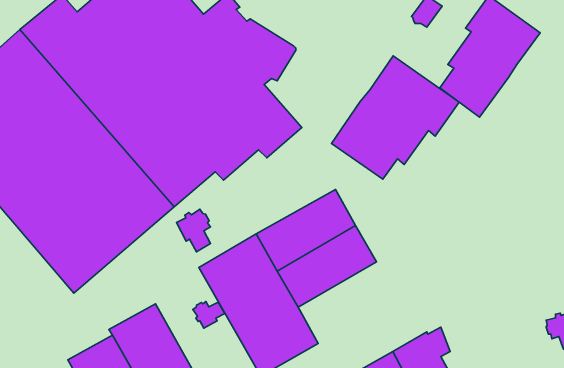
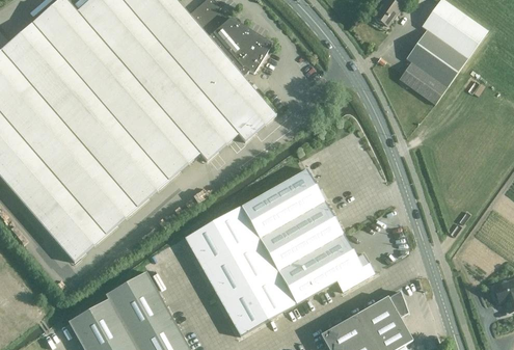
building: [331,56,459,179] -> none
building: [177,209,211,252] -> none
building: none -> [273,234,375,306]
building: [193,302,225,328] -> none

